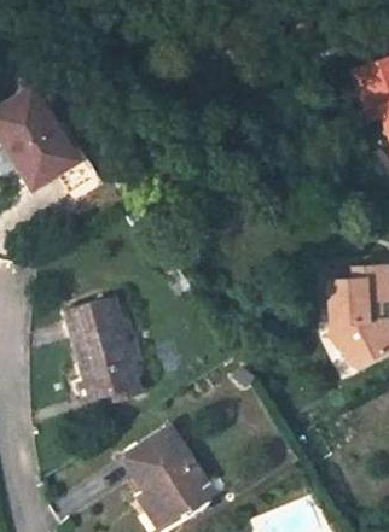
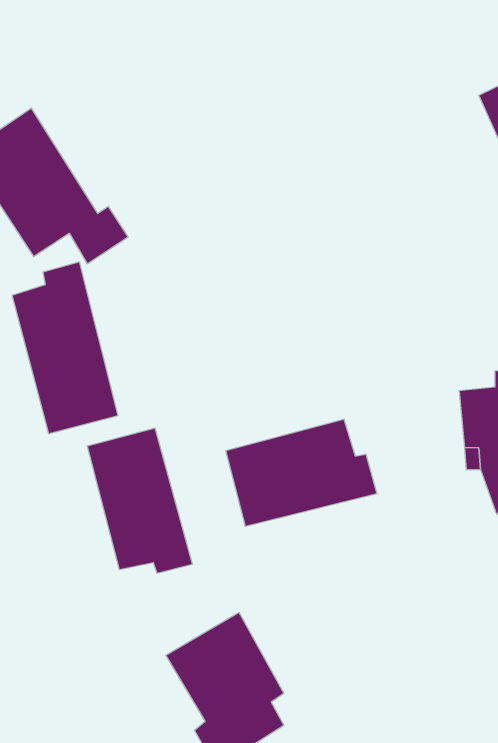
building: none -> [12,262,118,434]
building: none -> [226,419,377,526]

